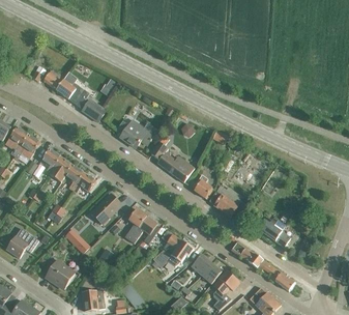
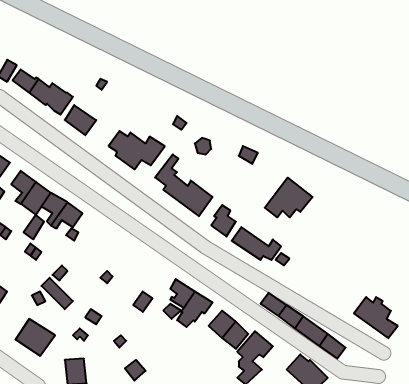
building: [91,193,121,223] -> none
building: [124,208,156,242] -> none
building: [257,214,290,246] -> [354,297,398,338]

